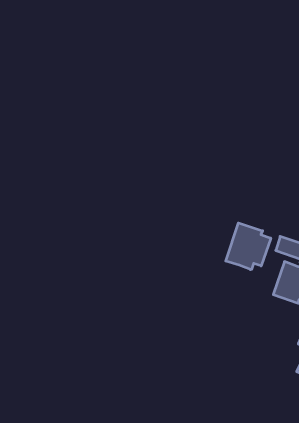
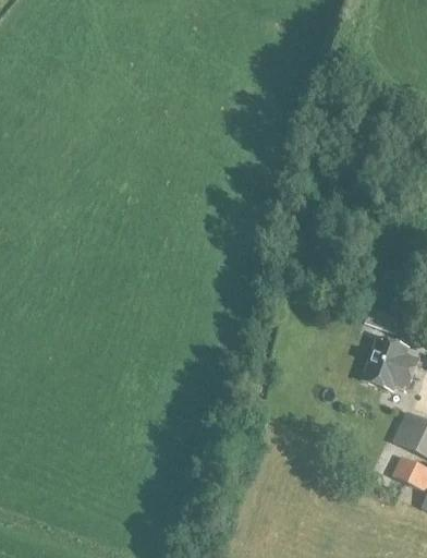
building: [226,223,271,270] -> none

